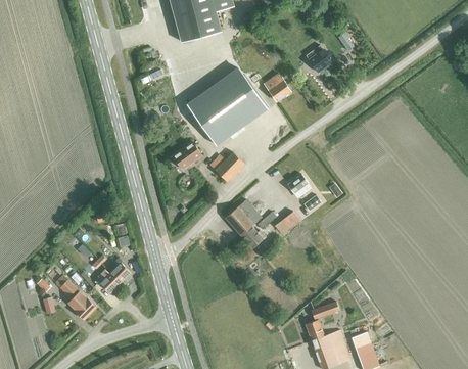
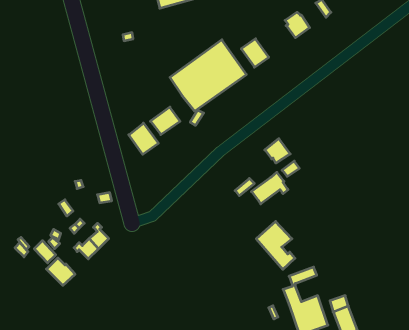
building: [215,151,243,180] -> none
building: none -> [129,123,158,154]
building: [225,199,264,247] -> [256,221,295,269]

